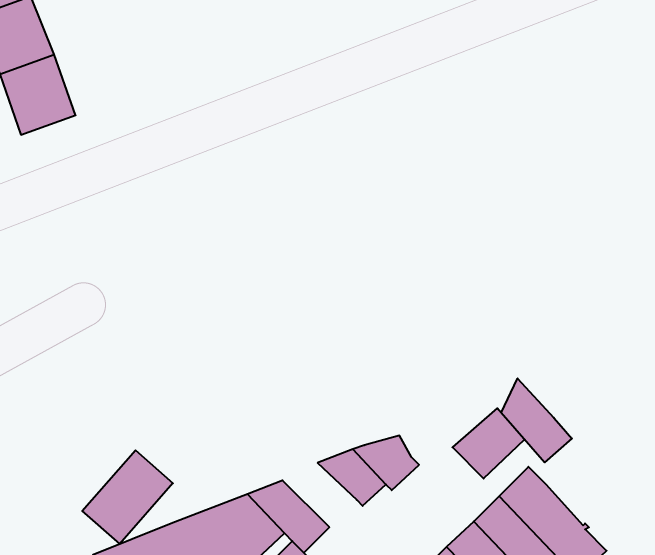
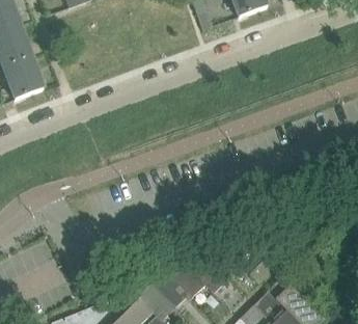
building: [501,378,572,462] -> none
building: [82,450,173,544] -> none
building: none -> [153,272,192,306]

